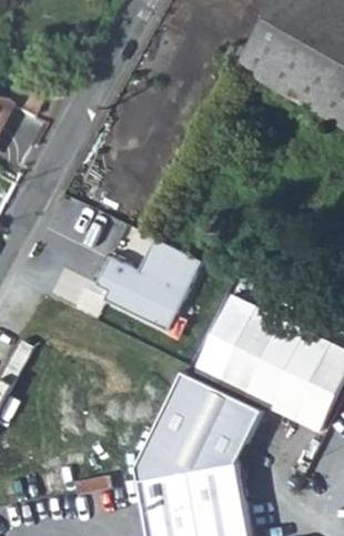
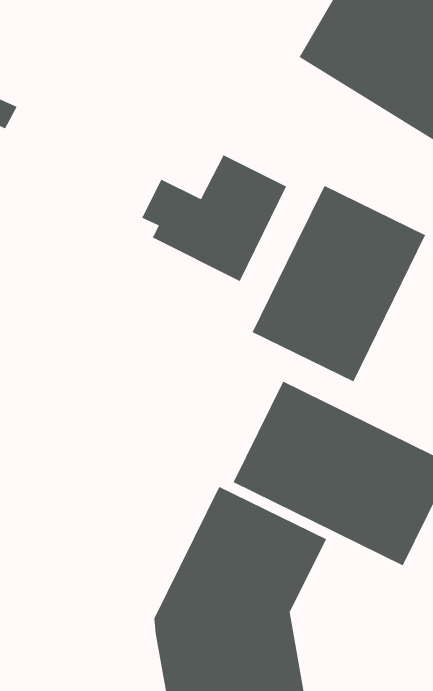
building: none -> [252,185,426,383]
building: [95,239,202,332] -> [141,154,287,282]

